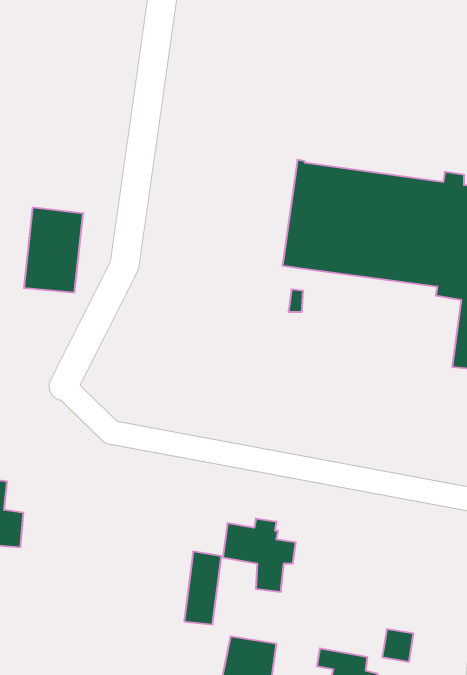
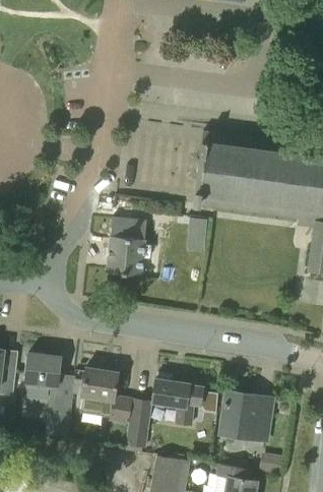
building: [24,208,83,292] -> [107,218,147,275]
building: none -> [26,353,76,437]
building: none -> [80,368,132,446]
building: none -> [221,390,268,442]

